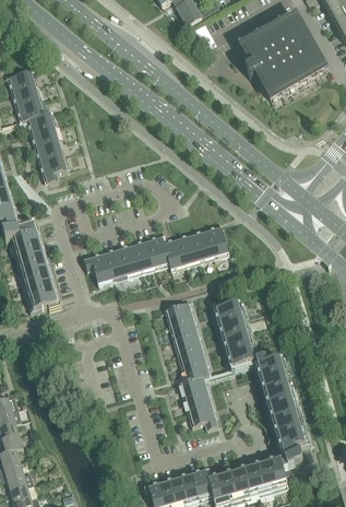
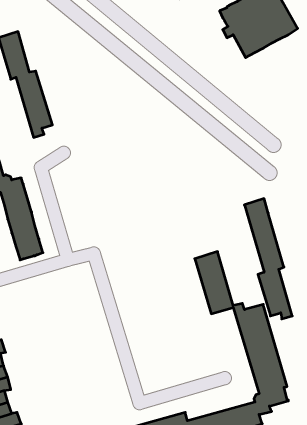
building: [84,226,228,284] -> none
building: [167,302,217,428] -> [244,199,292,319]

